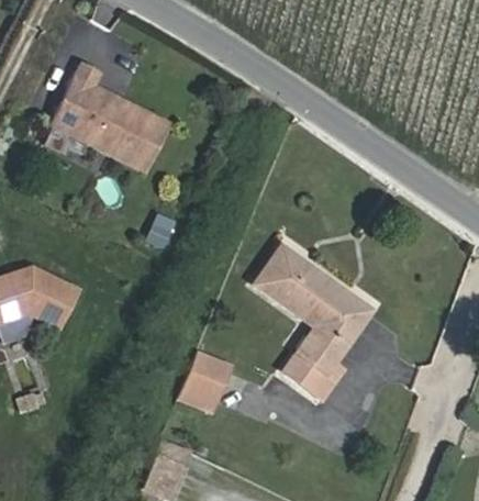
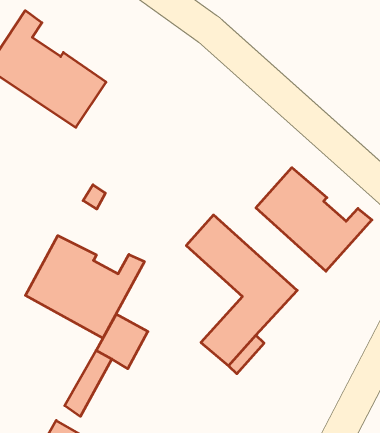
building: none -> [256,168,372,271]
building: none -> [25,236,144,338]

